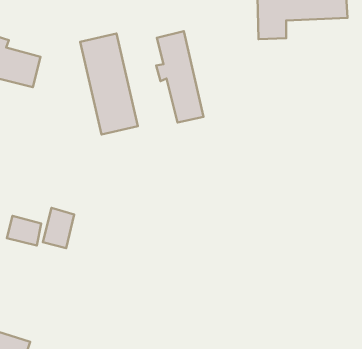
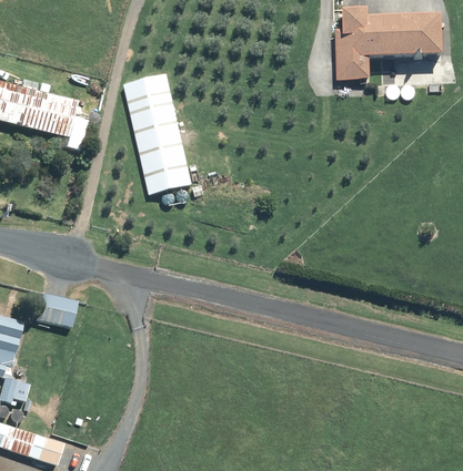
building: [156,31,204,122] -> none
building: [43,208,74,248] -> none

